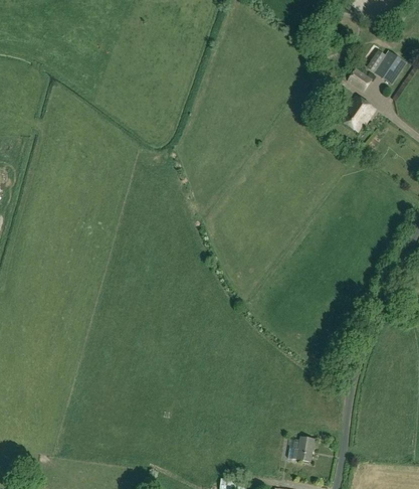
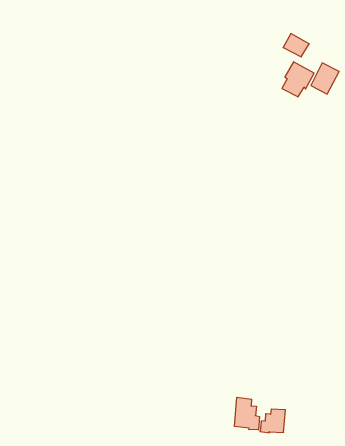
building: [375,51,404,83] -> [311,63,339,94]
building: none -> [234,397,259,430]

